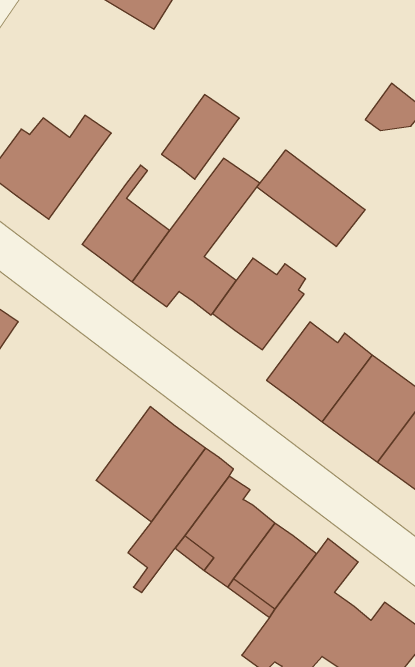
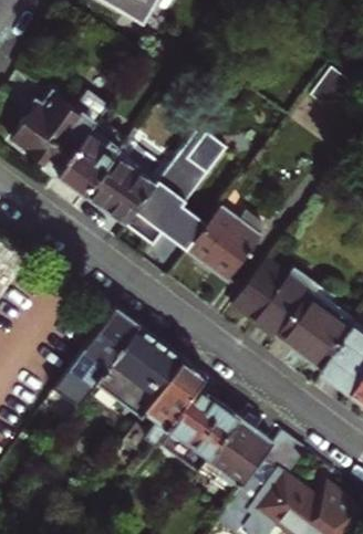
building: [162,95,239,179] -> [59,128,121,196]
building: [257,150,365,247] -> none
building: none -> [41,307,139,425]

